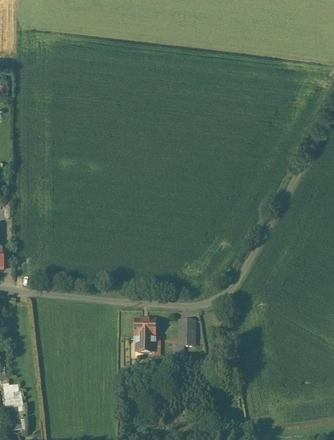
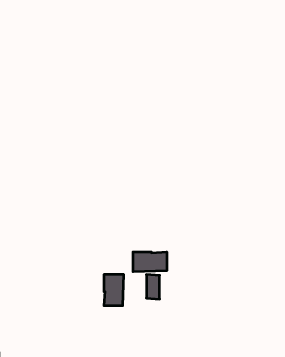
building: none -> [133,252,167,272]

